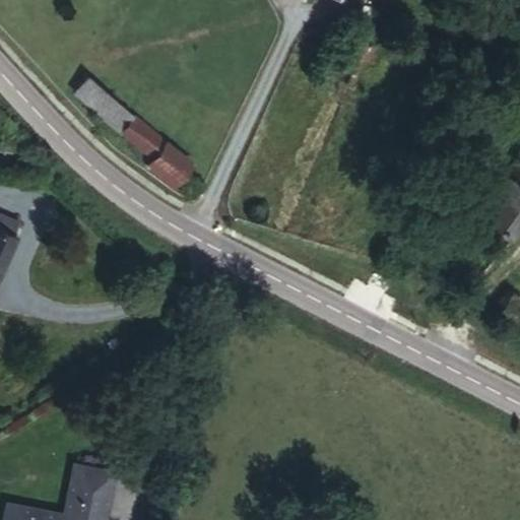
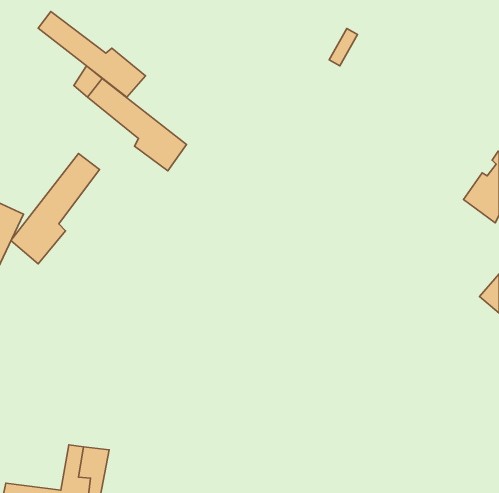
building: none -> [38,12,146,97]
building: none -> [11,154,99,264]

